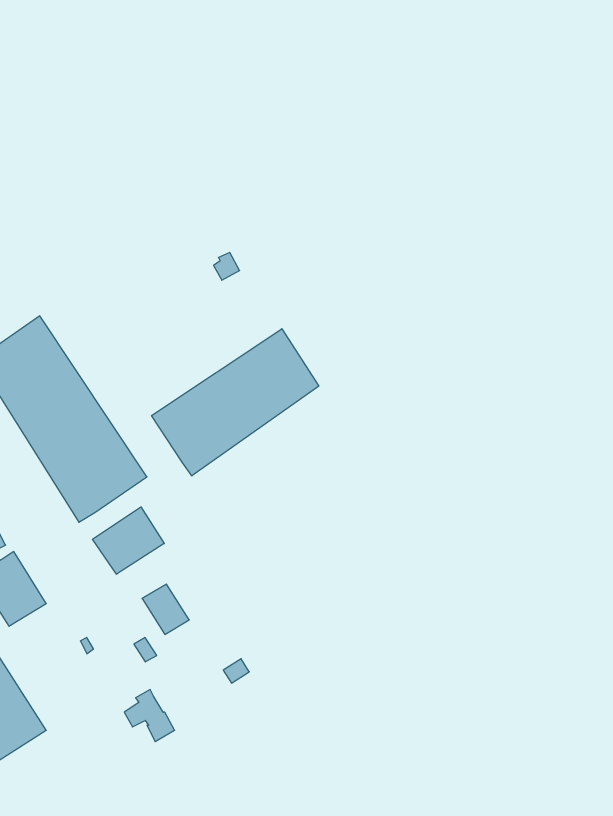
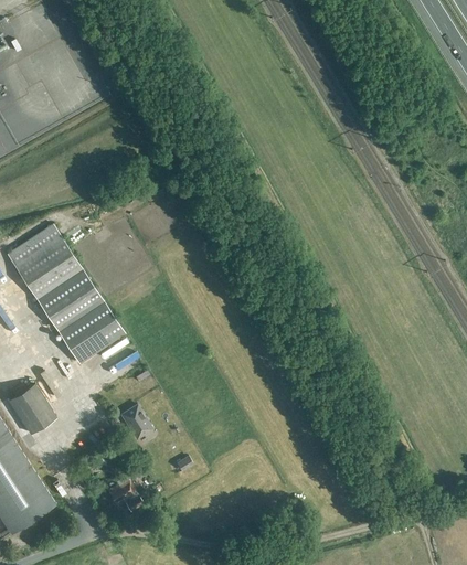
building: [152,329,319,476] -> none
building: [93,507,164,574] -> none

